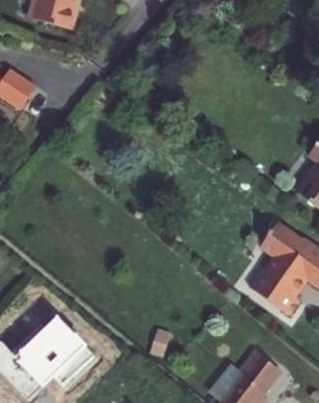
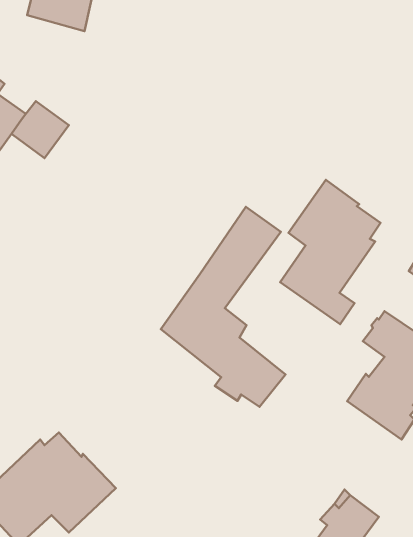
building: none -> [280,180,380,324]
building: none -> [161,207,285,407]

